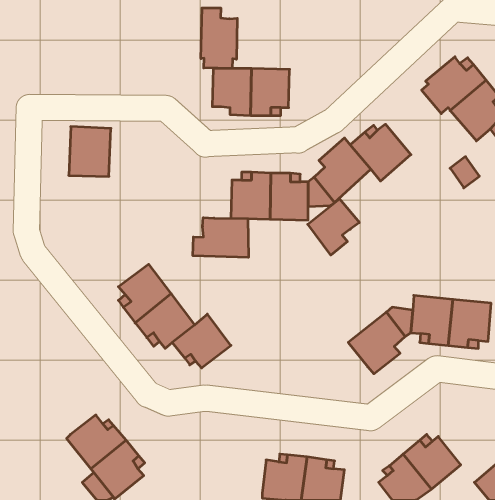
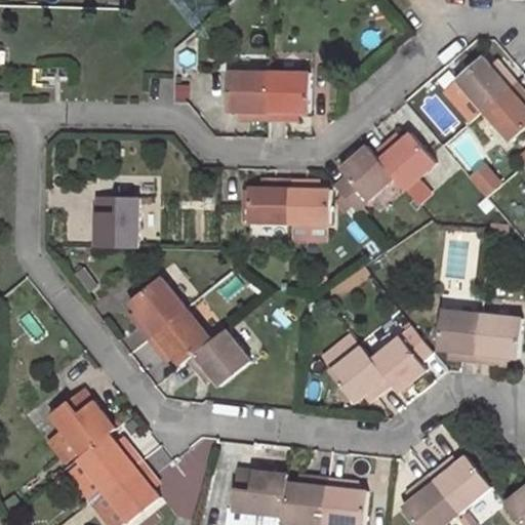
building: [201,8,237,68] -> none
building: [69,127,111,176] -> [95,195,139,247]
building: [308,199,359,255] -> none
building: [193,218,248,257] -> none
building: none -> [329,347,391,403]
building: none -> [47,390,111,455]
building: none -> [230,469,285,517]

